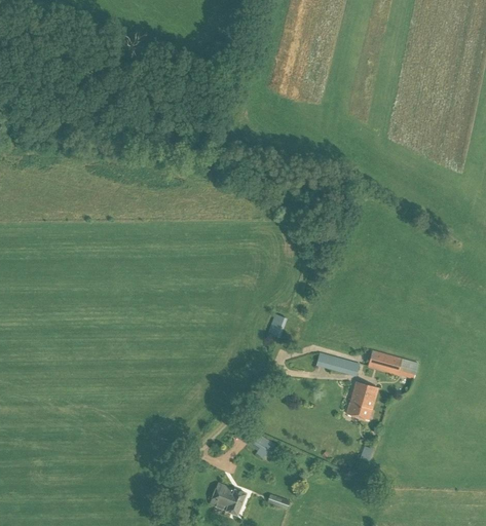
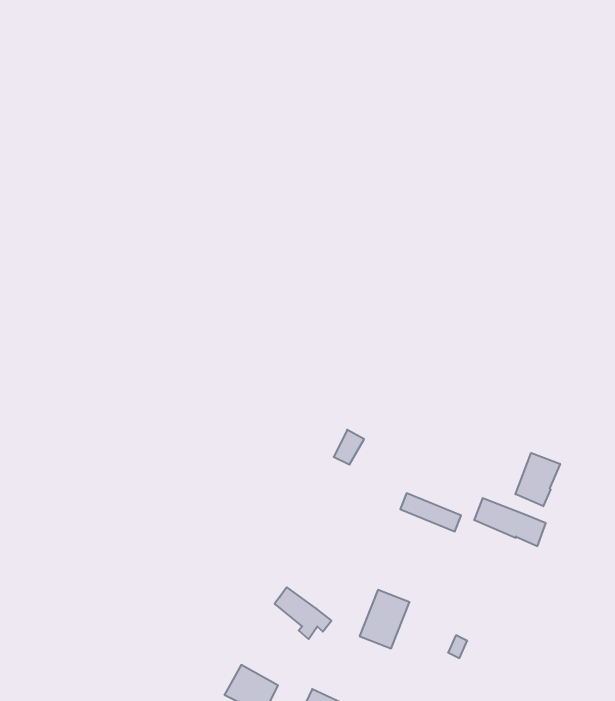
building: none -> [515,453,560,506]
building: [346,381,378,420] -> [360,590,410,648]

